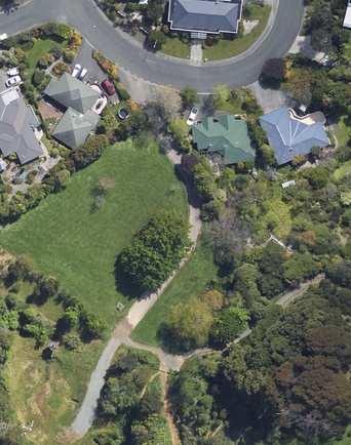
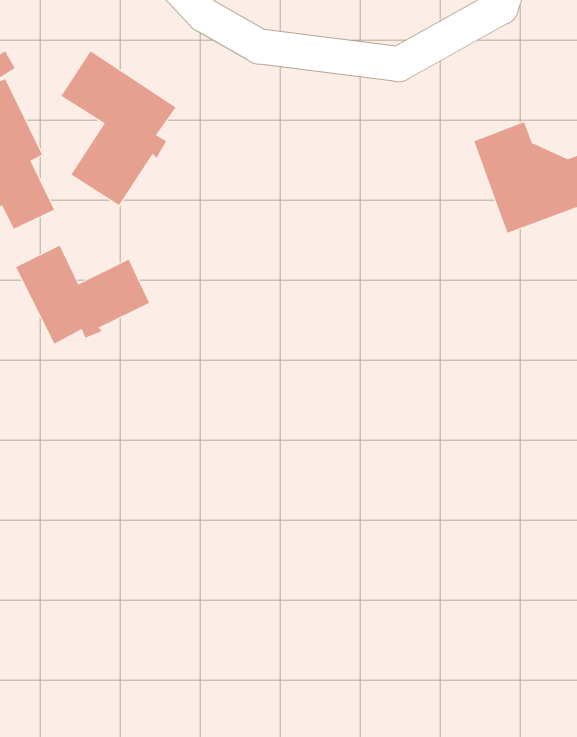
building: [192,113,258,167] -> none
building: none -> [15,245,150,344]

